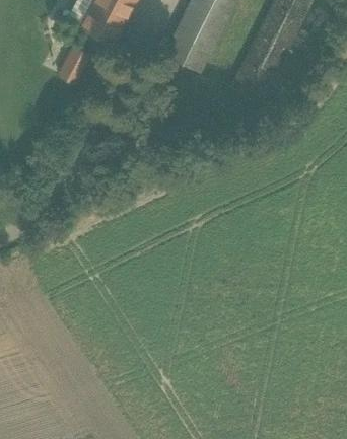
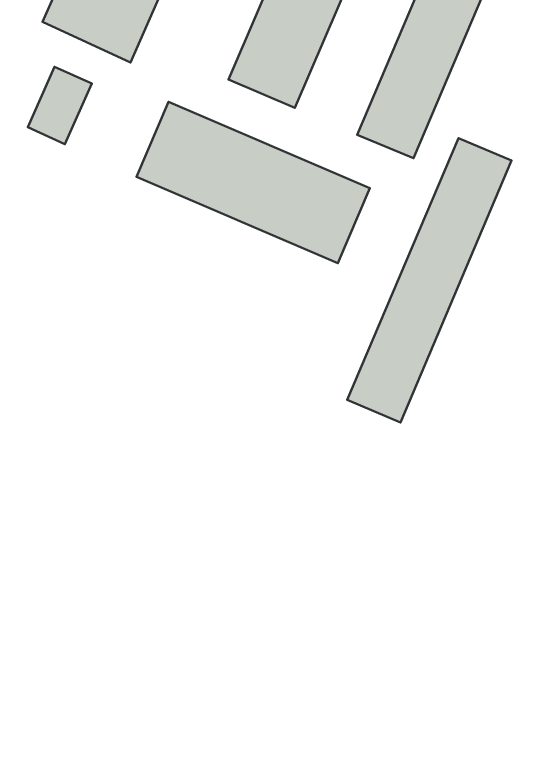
building: none -> [136,102,370,263]
building: none -> [347,138,512,423]

